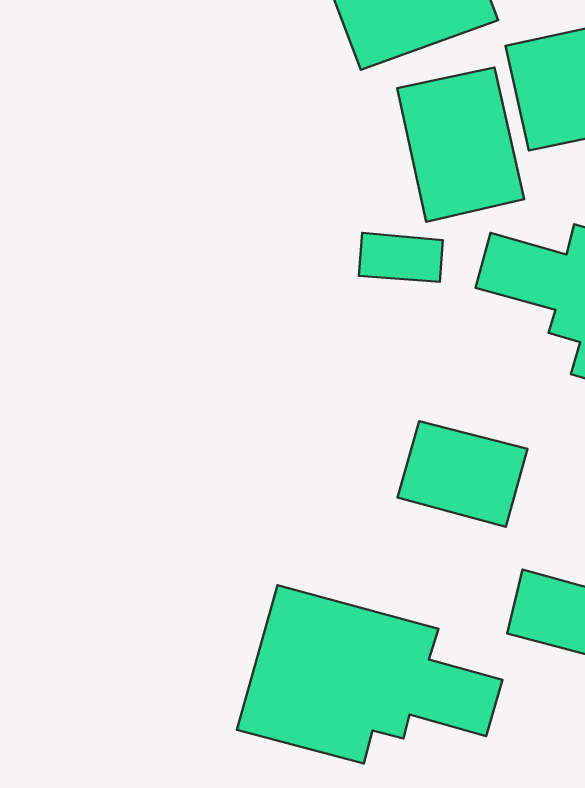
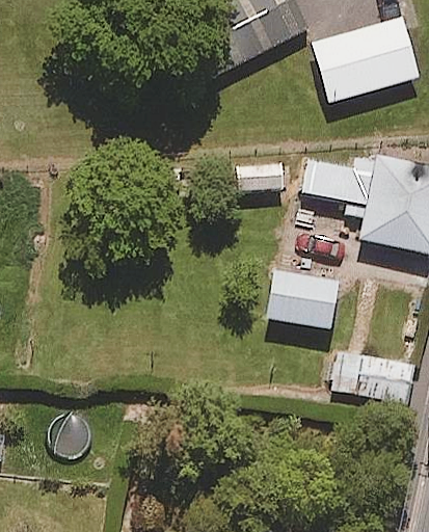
building: [397,68,524,222] -> none
building: [237,585,502,764] -> none

